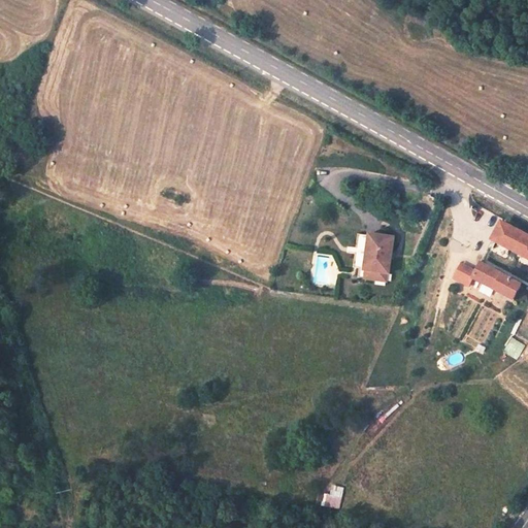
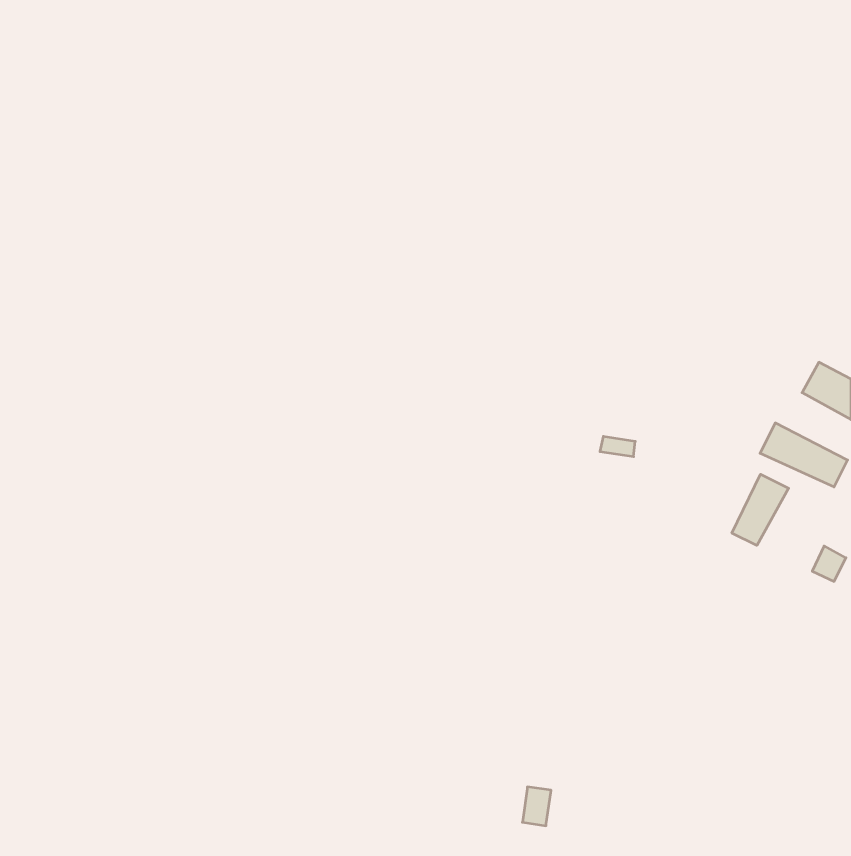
building: [367,231,397,267] -> none
building: none -> [732,474,789,545]

